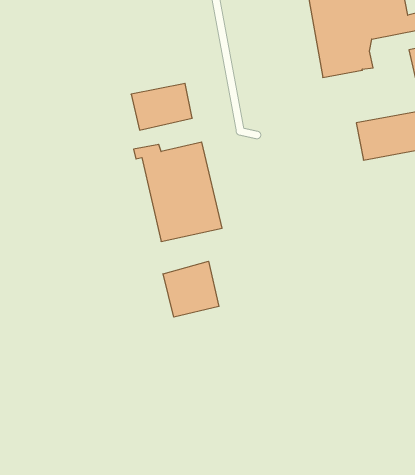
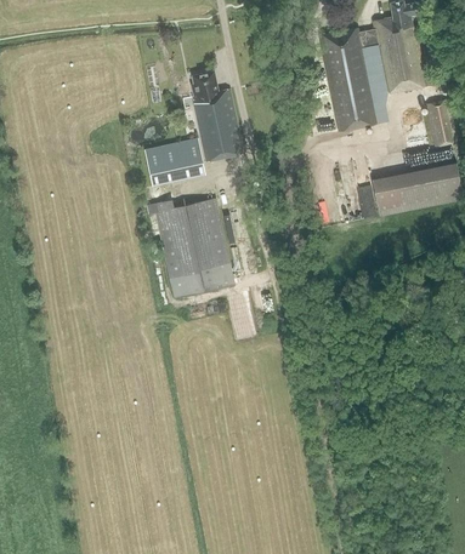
building: none -> [189,70,242,159]
building: [163,261,219,317] -> none

